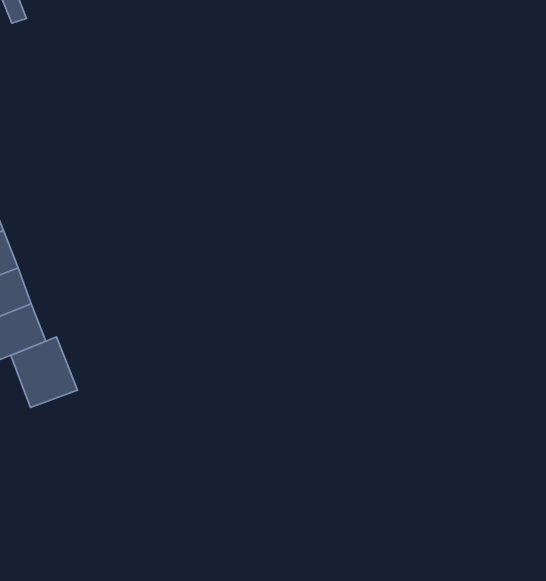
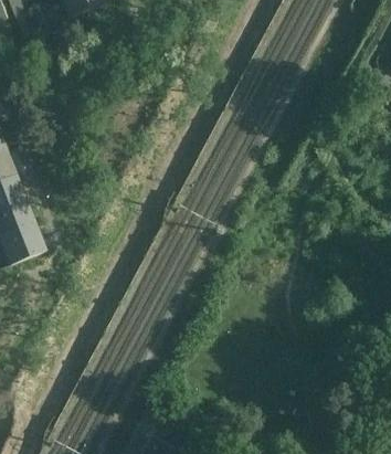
building: [11,337,78,408] -> none

